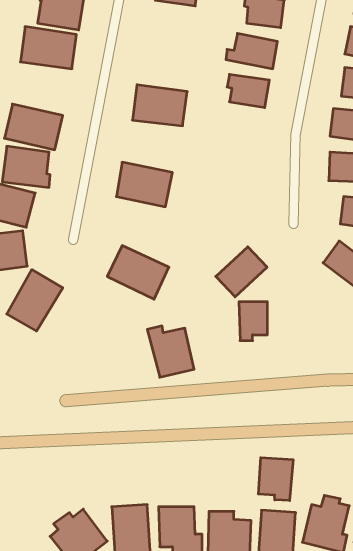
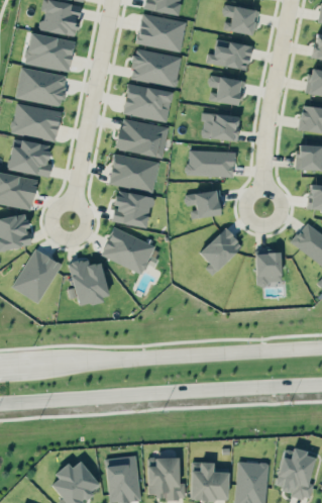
building: none -> [136,14,186,52]
building: none -> [129,48,181,88]
building: none -> [15,67,68,107]
building: none -> [201,114,239,141]
building: none -> [116,119,168,158]
building: none -> [187,150,234,177]
building: none -> [184,190,222,219]
building: none -> [112,191,152,227]
building: [239,302,267,341] -> [255,253,281,287]
building: [147,326,194,377] -> [68,261,109,306]
building: [258,458,293,501] -> none

